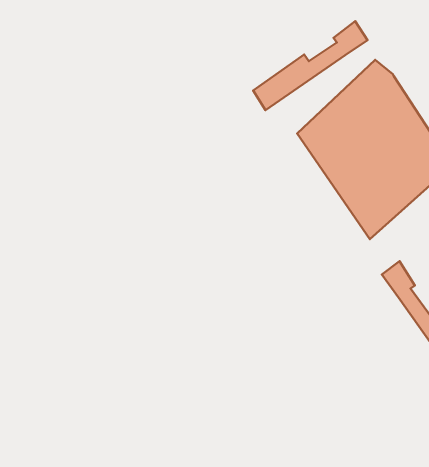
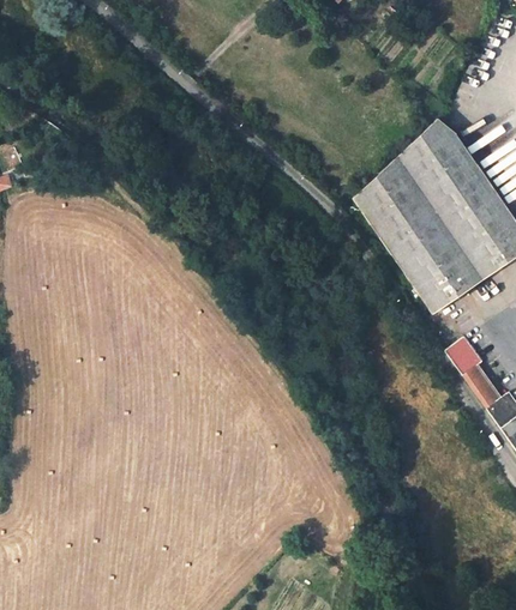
building: [253,21,368,110] -> none

